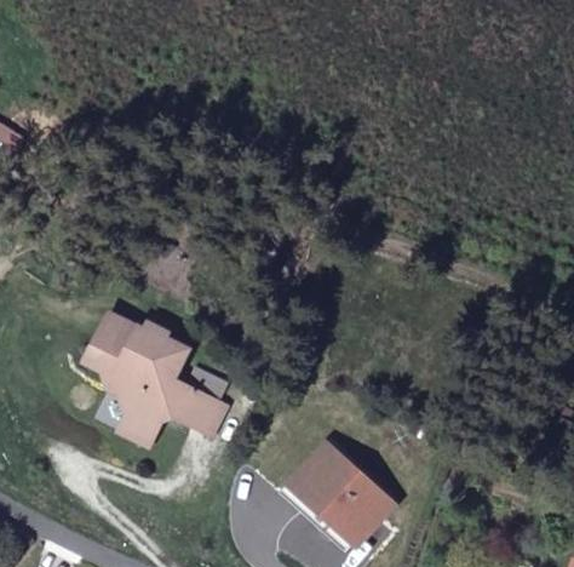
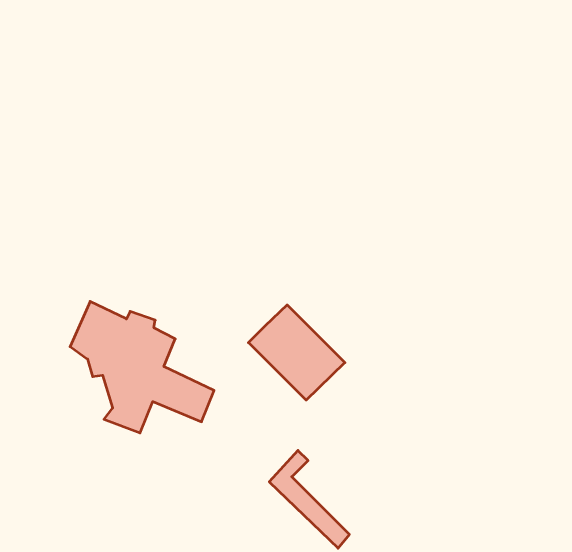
building: [300,448,394,540] -> [248,305,345,400]

